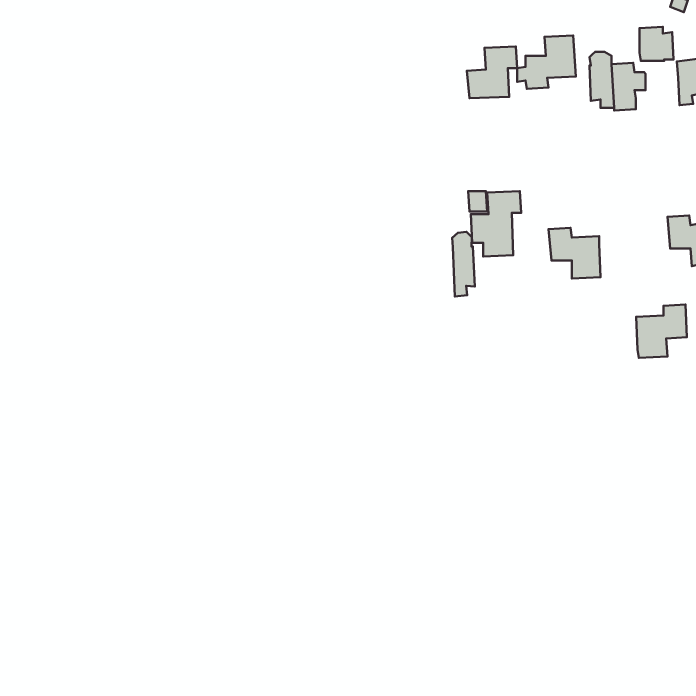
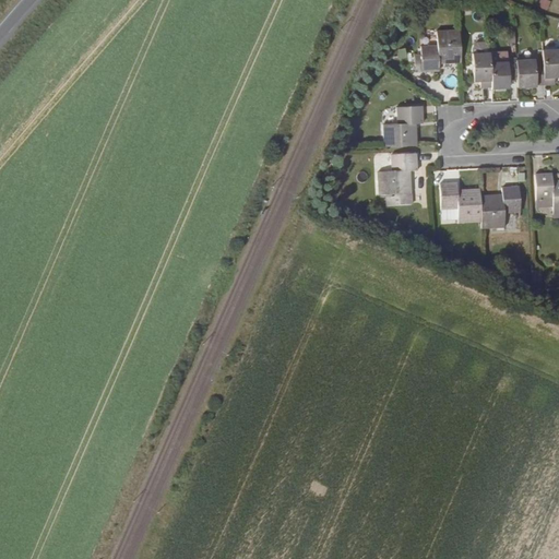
building: [640,27,674,61] -> [518,58,545,85]
building: [467,46,517,98] -> [383,105,424,146]
building: [452,232,475,296] -> none
building: [636,304,687,358] -> [480,186,521,228]

